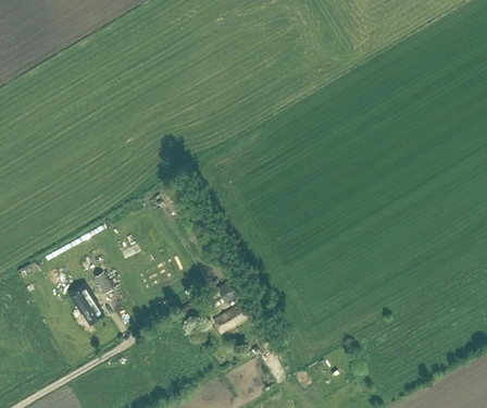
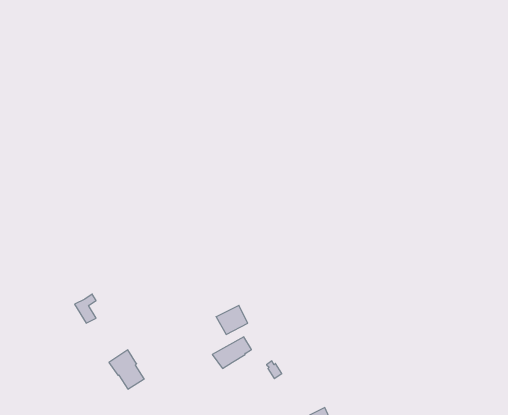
building: [72,290,102,324] -> [109,350,144,389]

